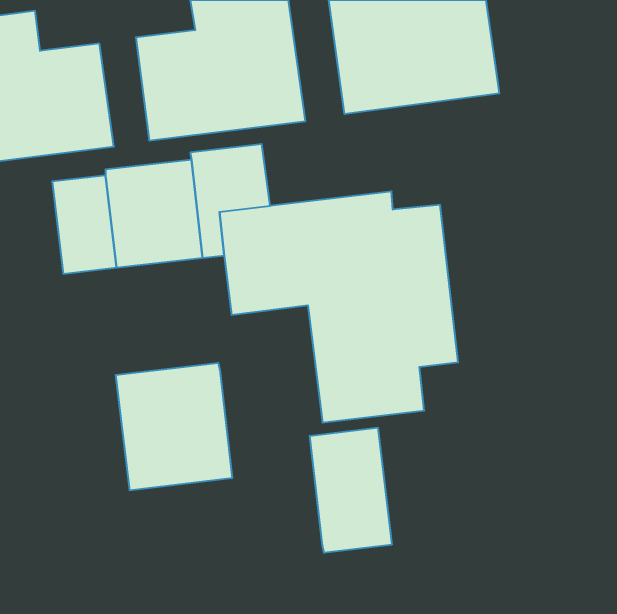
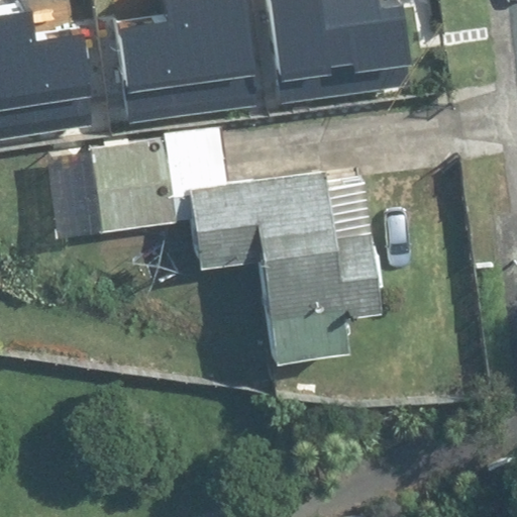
building: [116,363,232,490] -> none
building: [310,428,392,553] -> none

